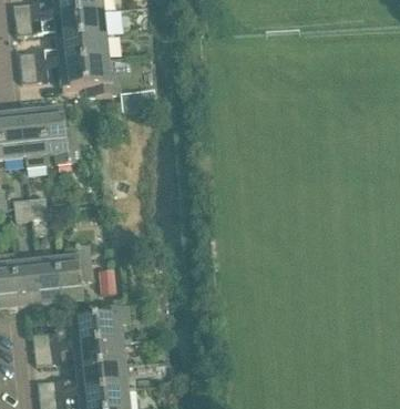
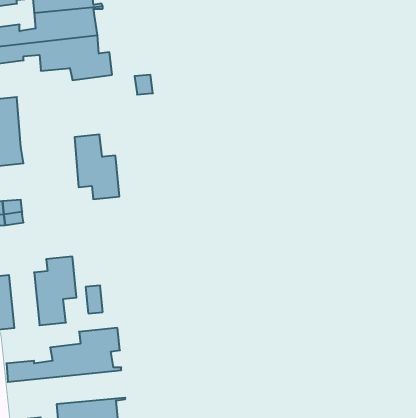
building: [41,109,79,163] -> [75,135,119,199]
building: [34,258,60,305] -> none
building: [33,340,132,369] -> none

